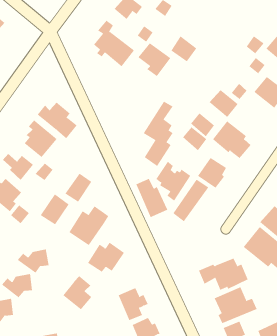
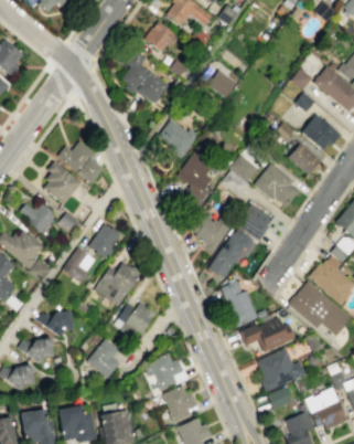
building: [137,42,171,77] -> [158,120,195,159]
building: [209,89,238,118] -> [287,144,320,176]
building: [135,178,168,218] -> [221,283,257,327]

